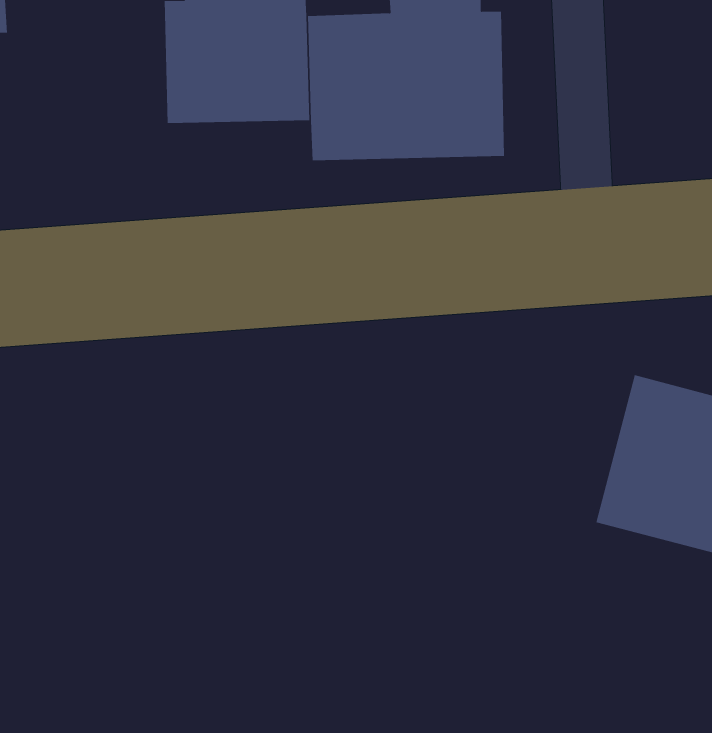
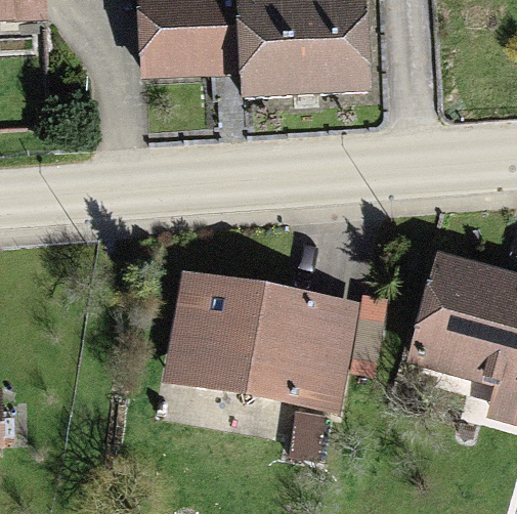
building: none -> [170,269,351,397]

